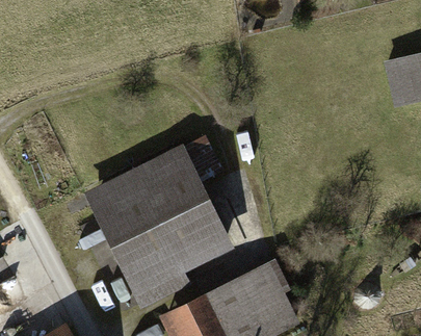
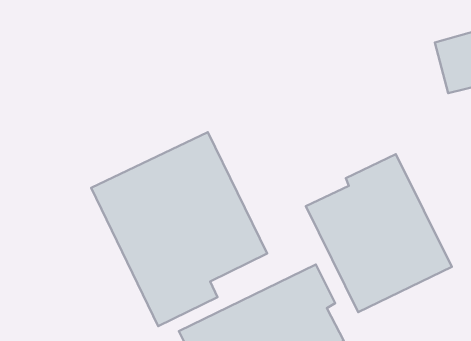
building: none -> [306,154,452,312]

